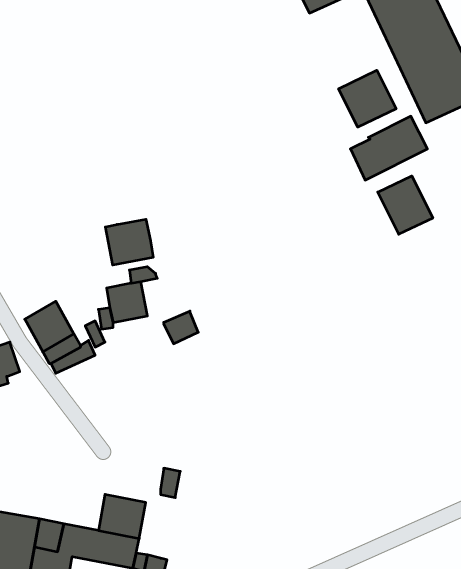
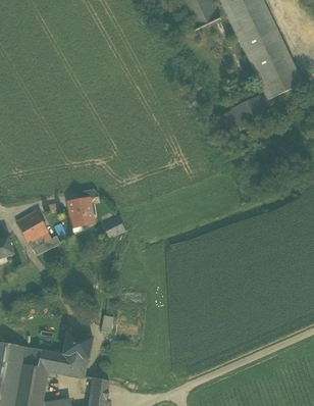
building: [339,70,396,127] -> none
building: [378,176,433,234] -> none
building: [105,219,153,265] -> none

